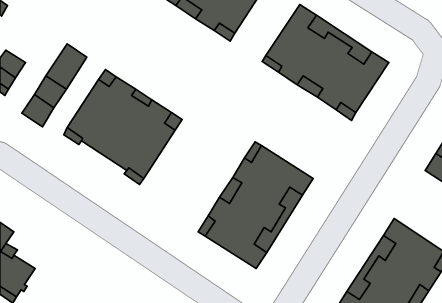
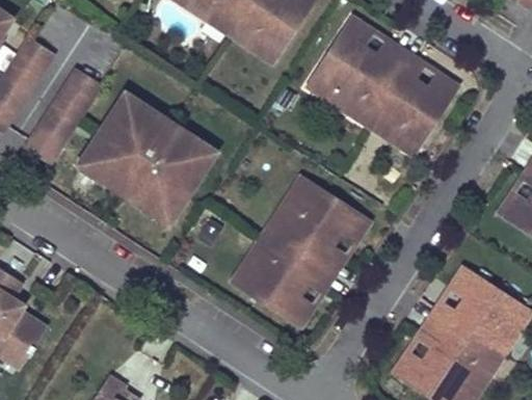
building: none -> [9,33,57,85]

